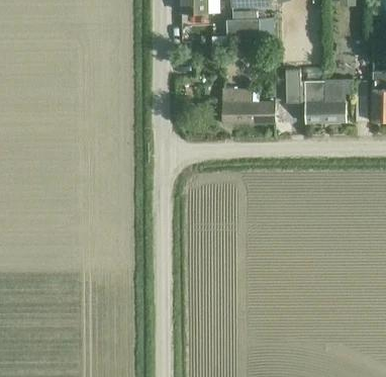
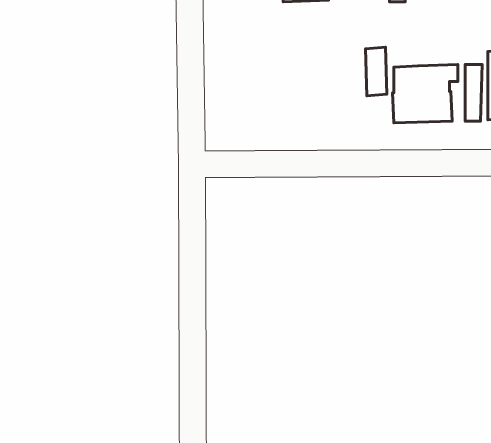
building: [222,90,276,123] -> none

